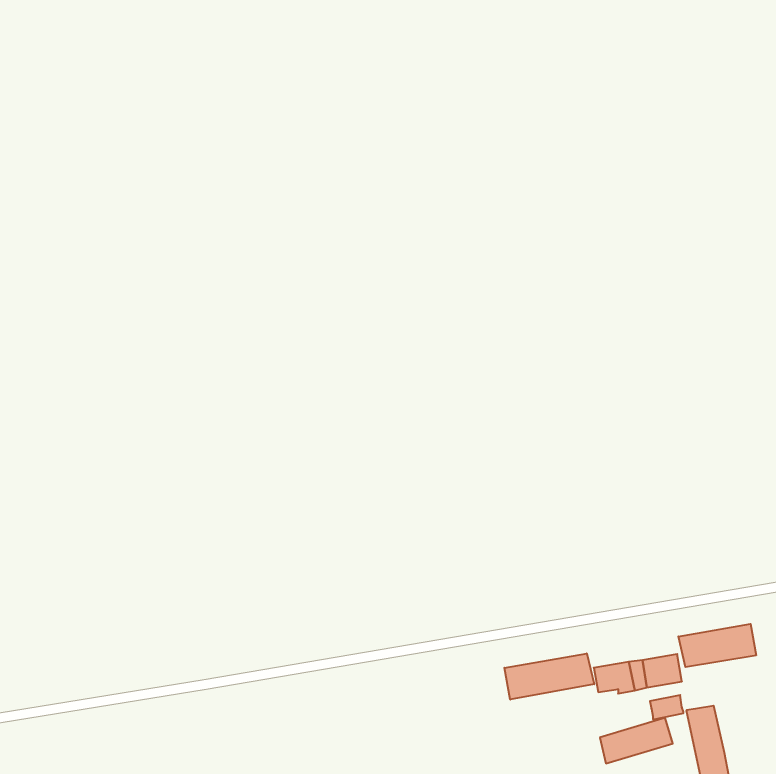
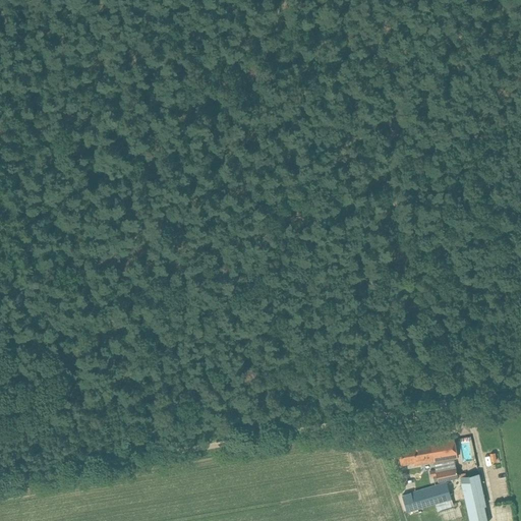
building: [678,624,756,667] -> none
building: [504,653,594,700] -> none

